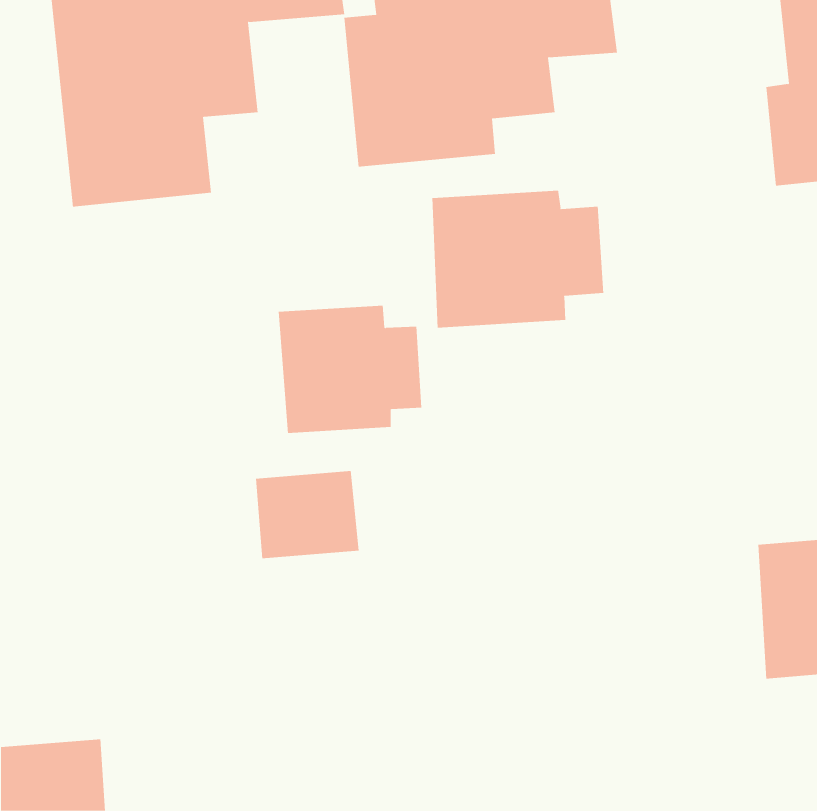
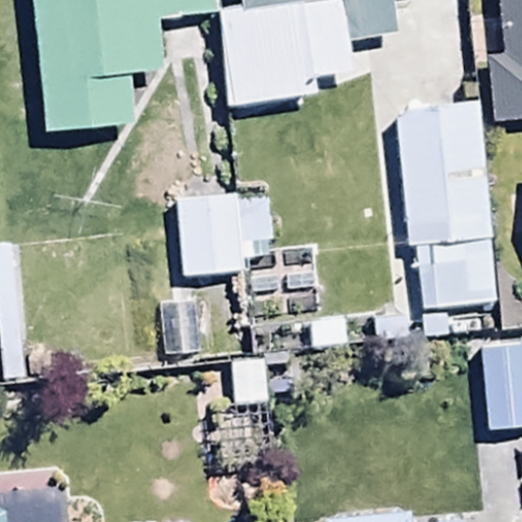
building: none -> [399,101,493,309]
building: [432,190,604,328] -> none

